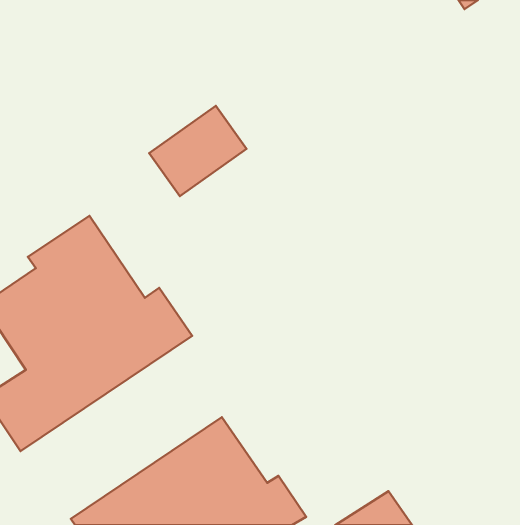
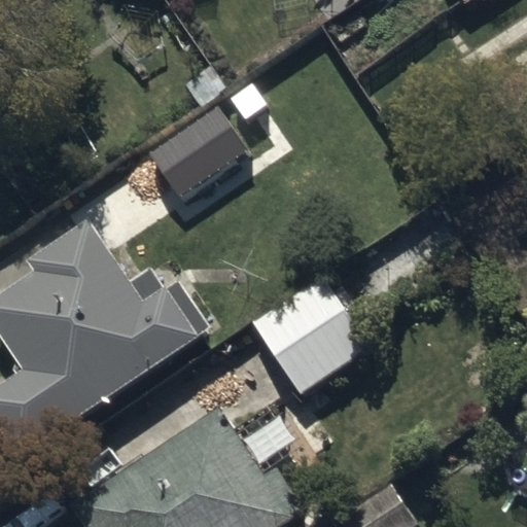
building: none -> [254,283,370,397]

